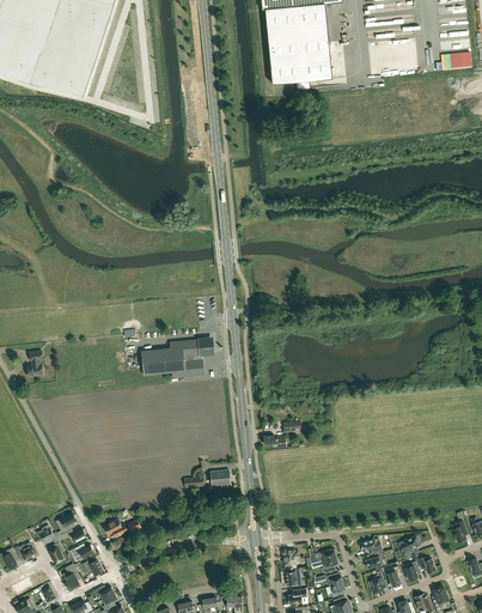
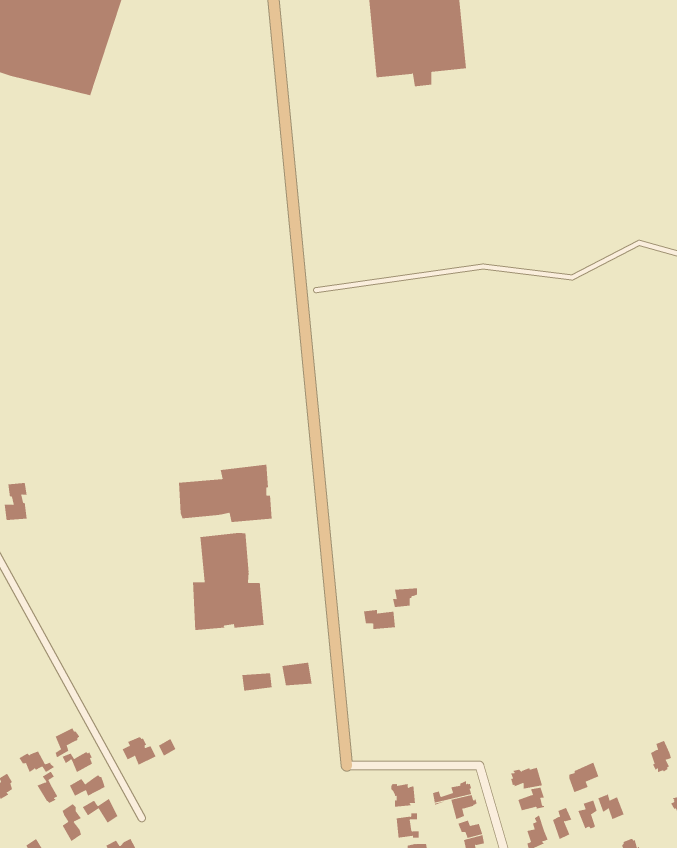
building: none -> [192,532,264,631]

